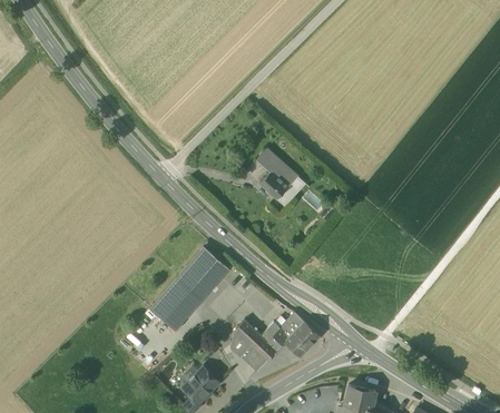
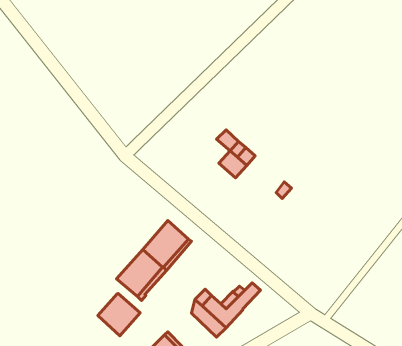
building: [284,321,320,356] -> none
building: none -> [98,293,140,336]

